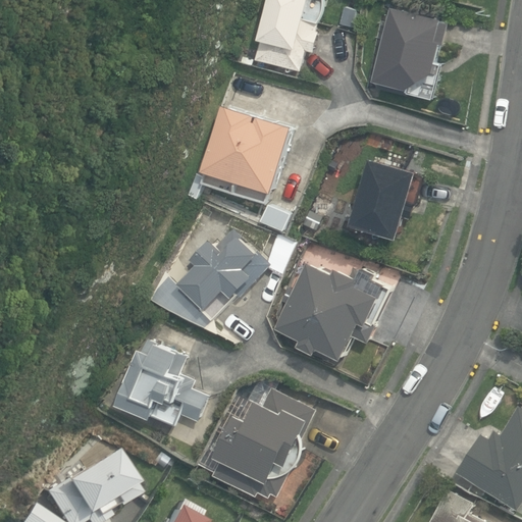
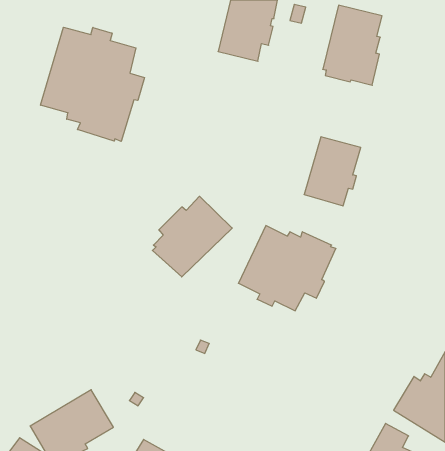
building: none -> [41,27,144,141]
building: [199,106,290,194] -> none
building: [116,343,202,424] -> none
building: [209,388,312,499] -> none

